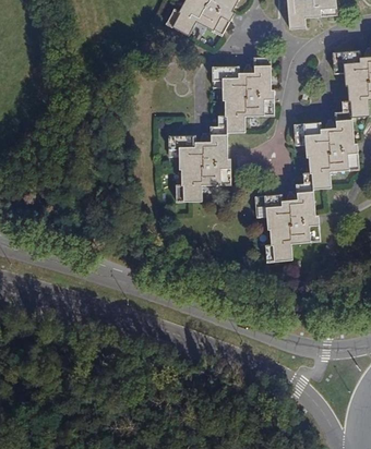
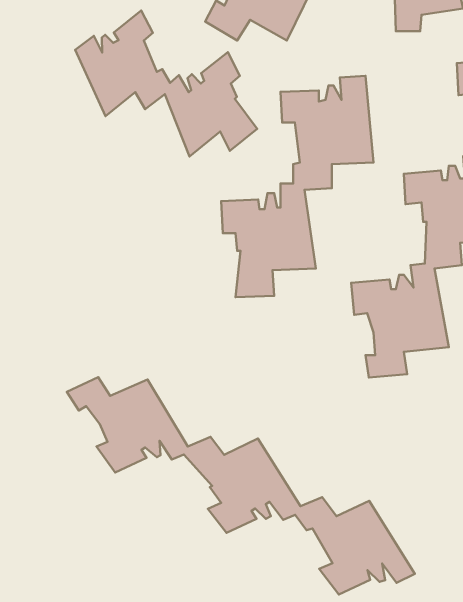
building: none -> [75,10,257,156]
building: none -> [67,377,415,594]

